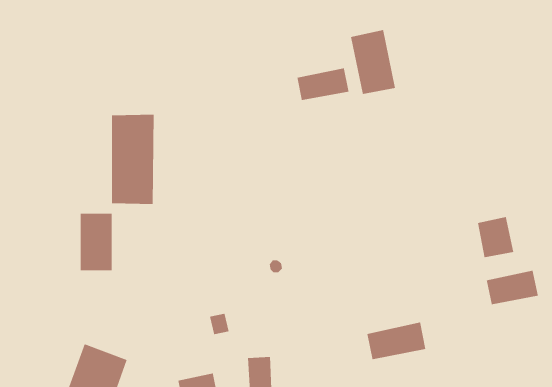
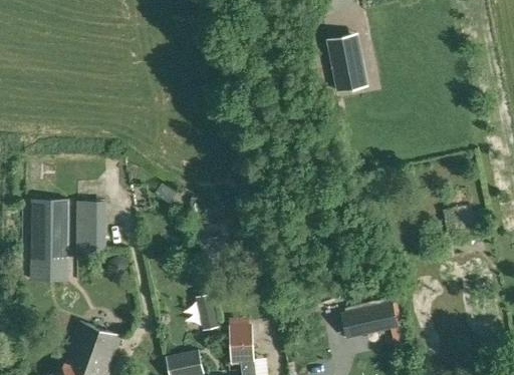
building: [297,67,349,101] -> none
building: [111,114,155,204] -> [30,199,70,282]
building: [486,270,539,305] -> none

